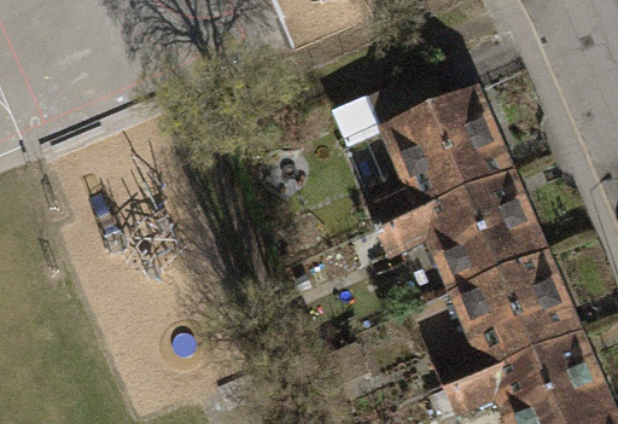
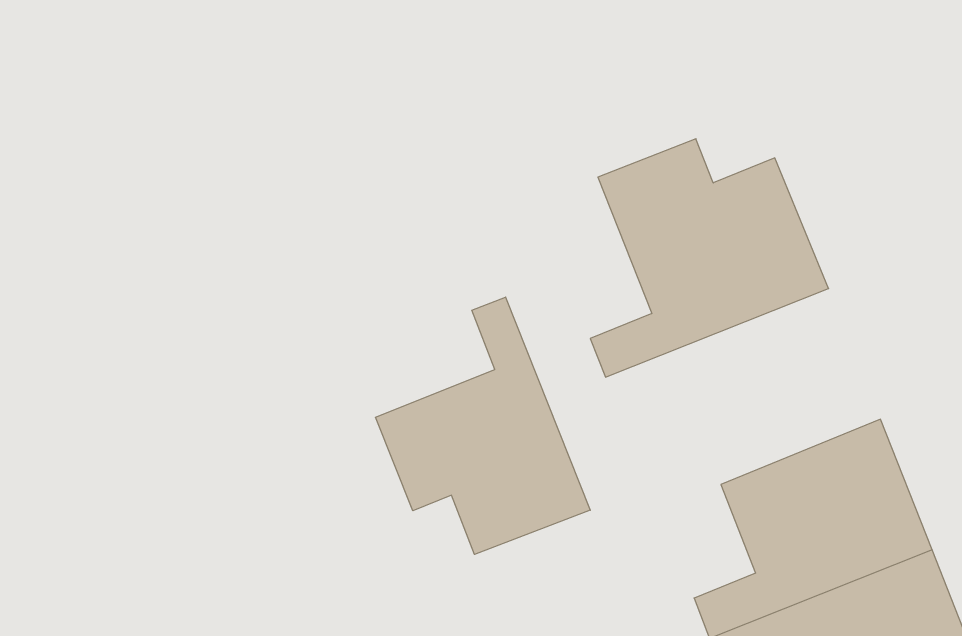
building: [385,190,558,313] -> none
building: none -> [375,297,590,554]

